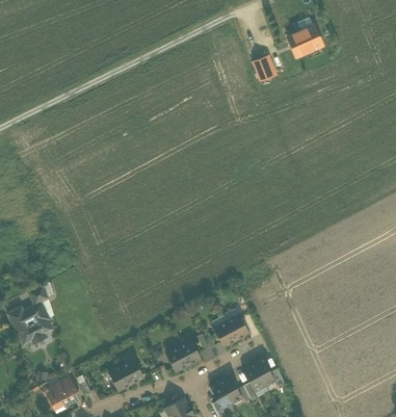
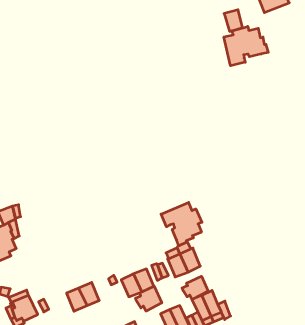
building: none -> [224,26,268,66]
building: none -> [161,202,202,246]
building: none -> [182,276,208,300]
building: none -> [136,286,162,311]

